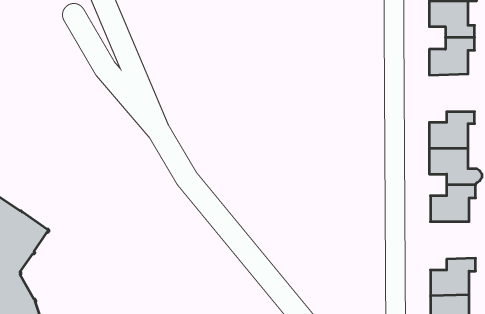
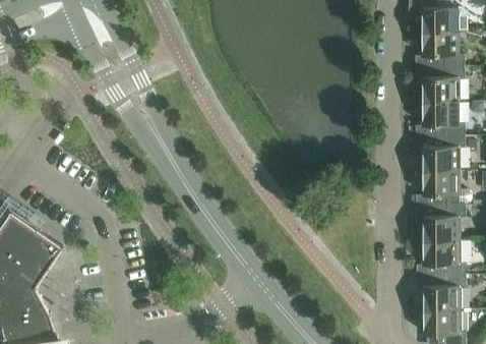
building: none -> [421,99,464,134]
building: none -> [422,238,465,274]

